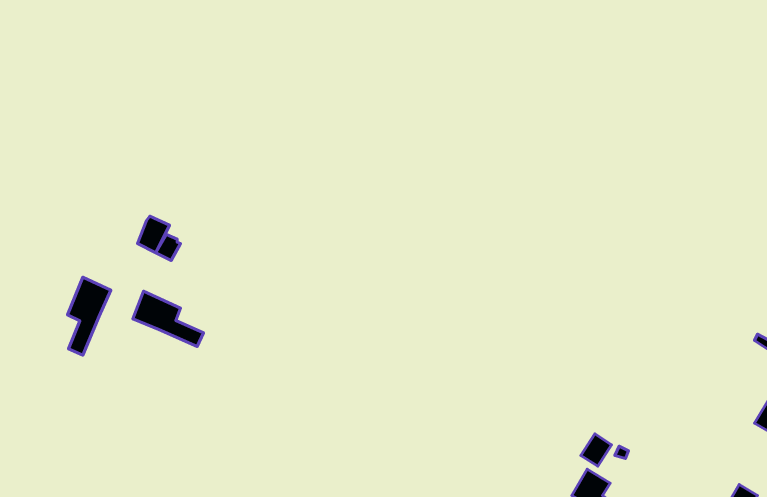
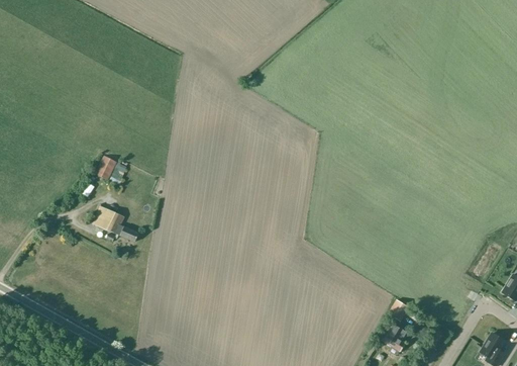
building: [68,277,111,355] -> none

